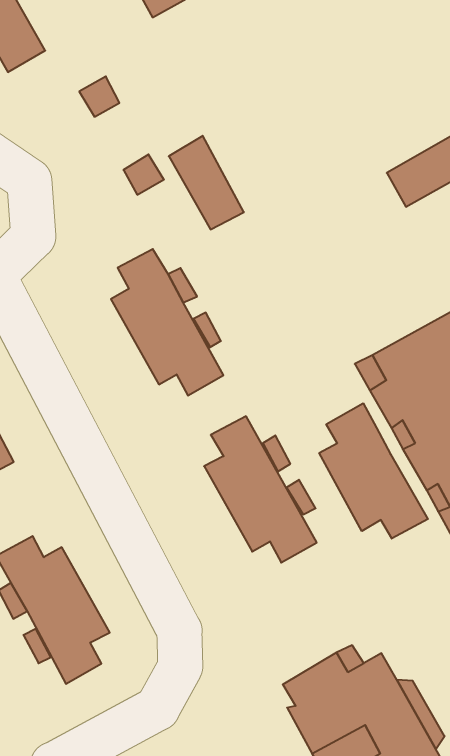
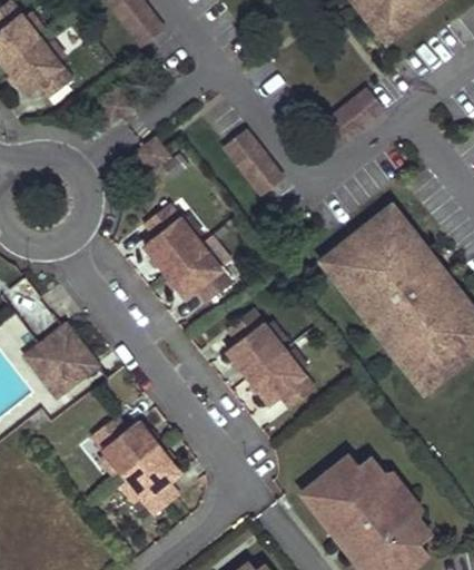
building: [169,136,244,229] -> [225,129,283,193]
building: [319,403,428,539] -> none

